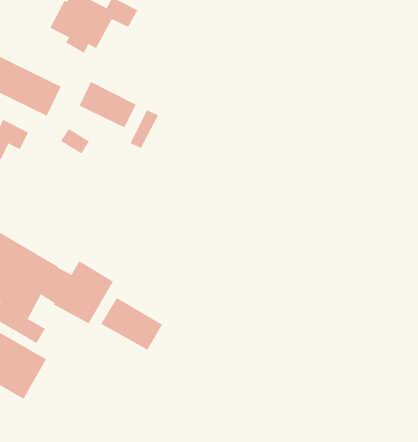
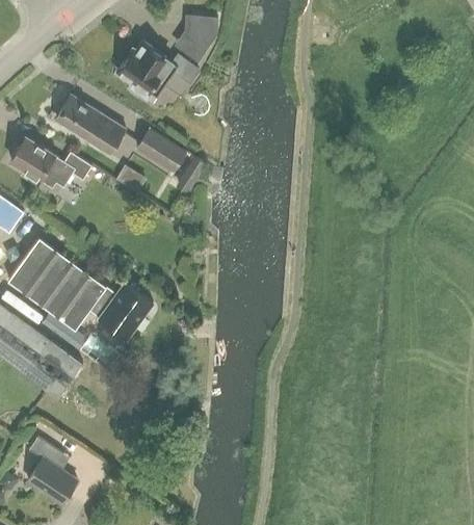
building: [101,297,163,350] -> none

